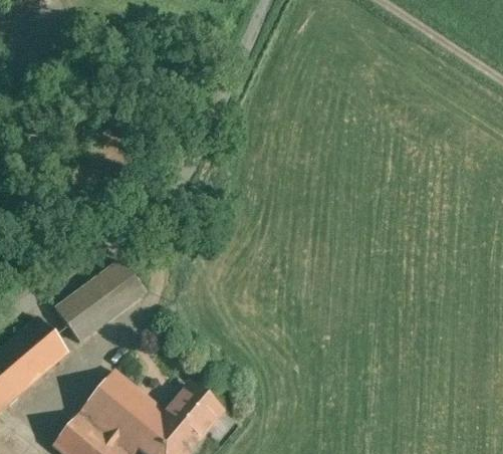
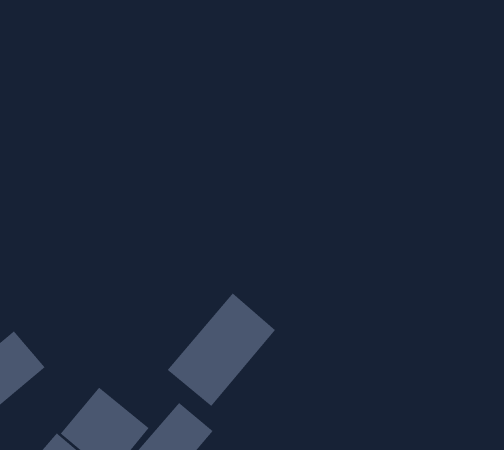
building: [55,260,145,340] -> none
building: none -> [167,293,276,407]

